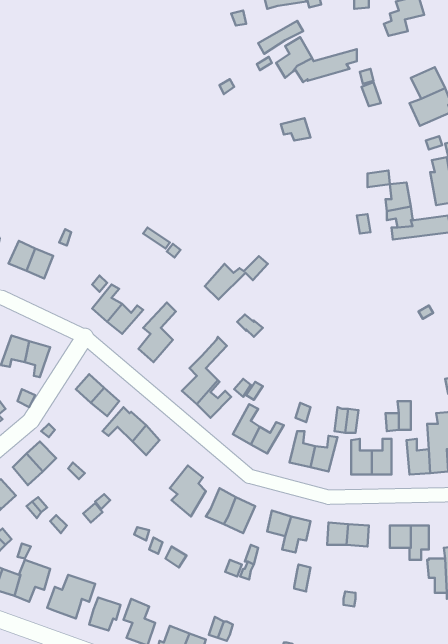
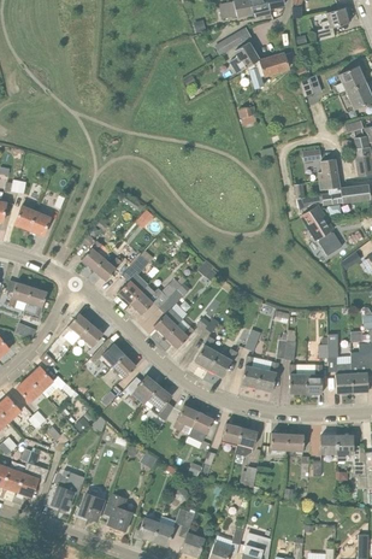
building: none -> [300,205,336,253]
building: [205,256,268,300] -> [131,278,182,313]
building: none -> [124,375,159,404]

